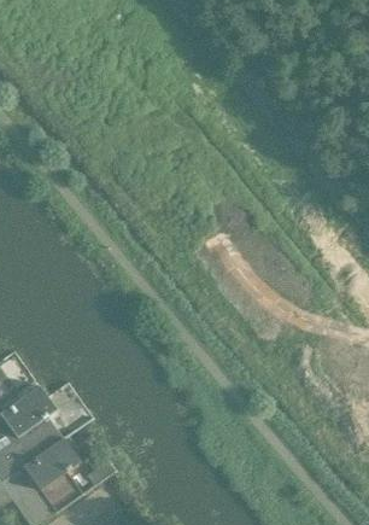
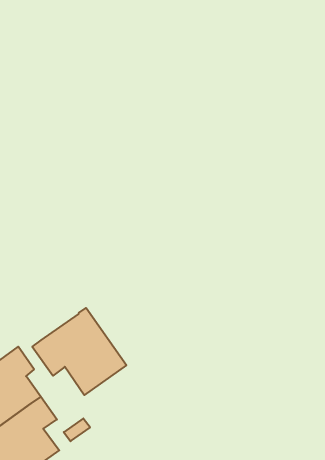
building: none -> [32,308,126,395]

